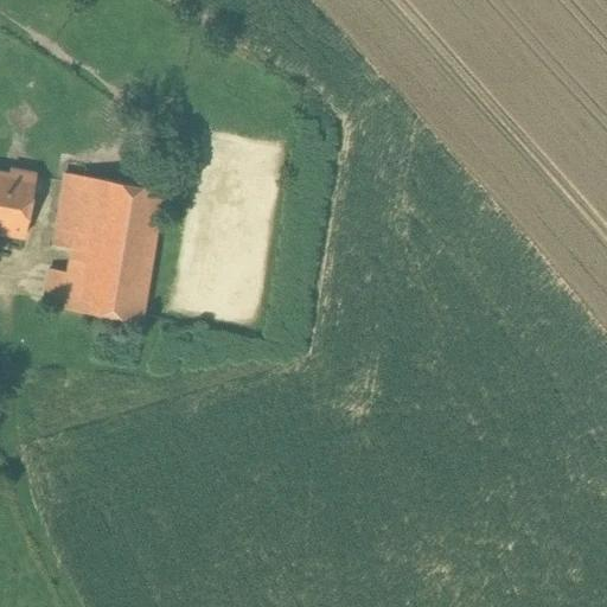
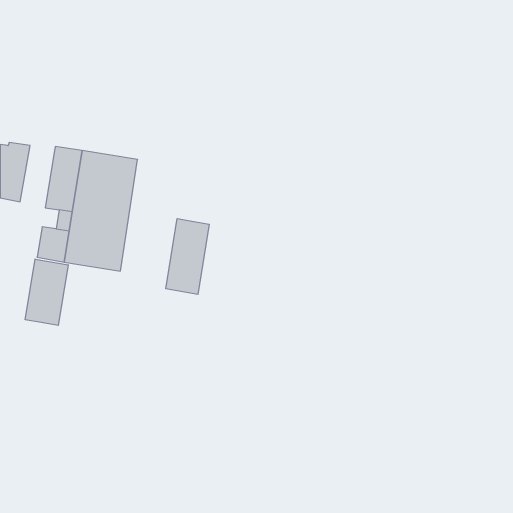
building: none -> [166,219,209,294]
building: none -> [25,259,68,325]

